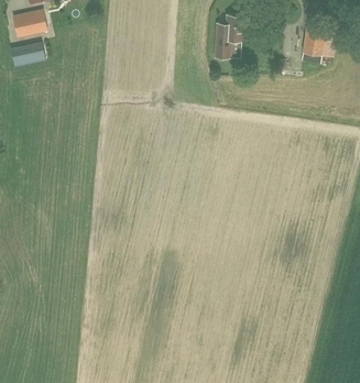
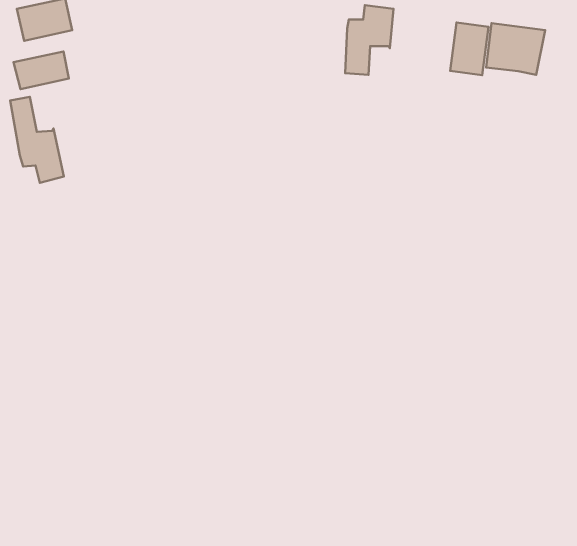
building: none -> [450,23,489,75]
building: none -> [10,97,64,183]

